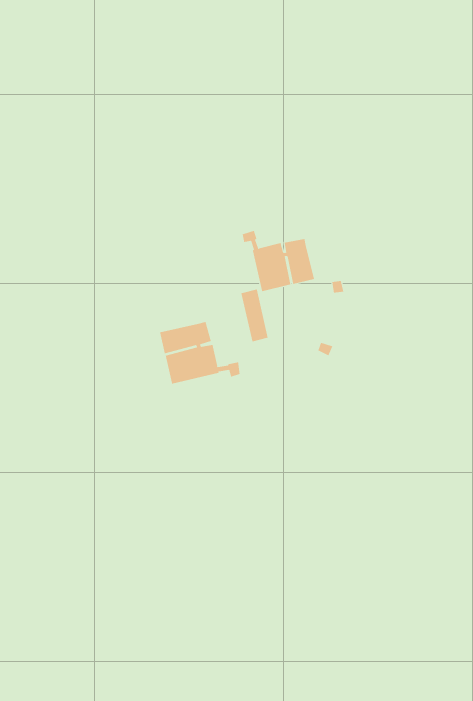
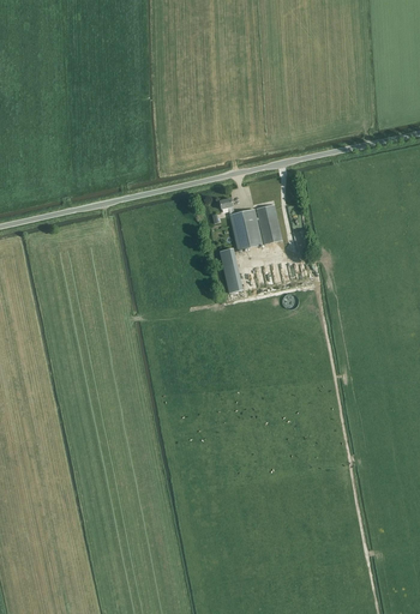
building: [159,321,240,385] -> none

